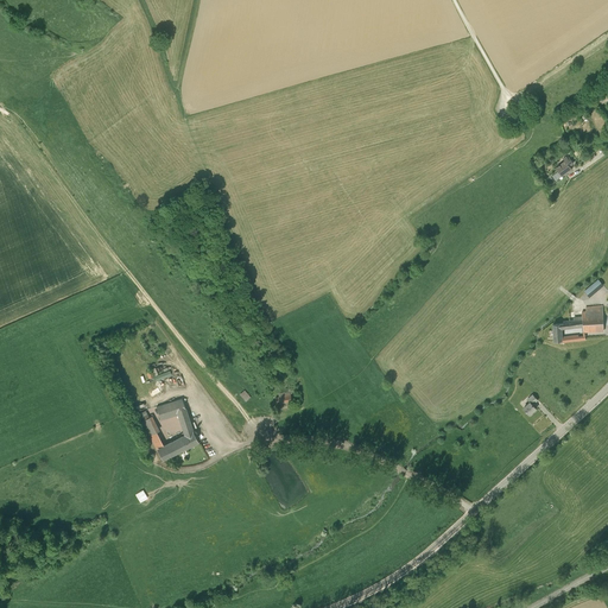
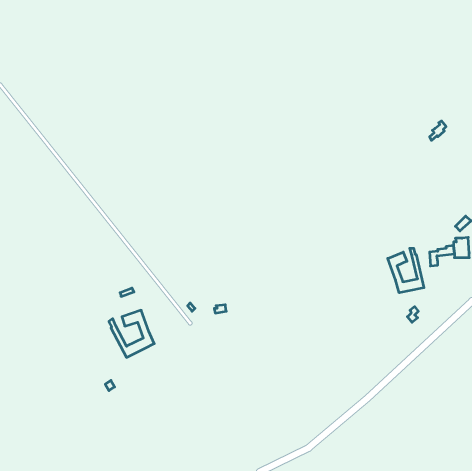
building: none -> [388,248,424,293]

